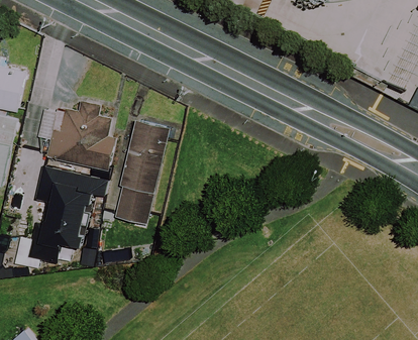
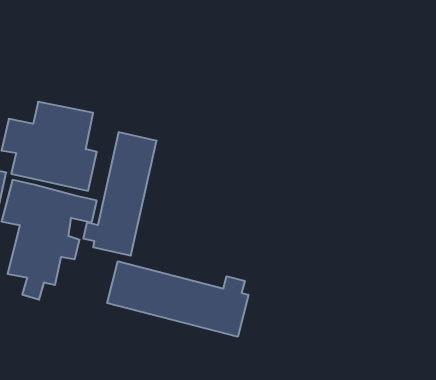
building: none -> [107,261,248,337]

